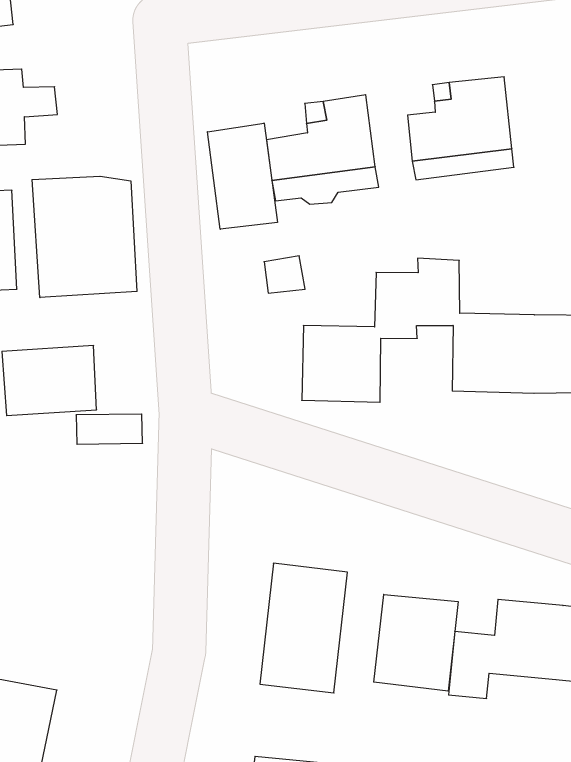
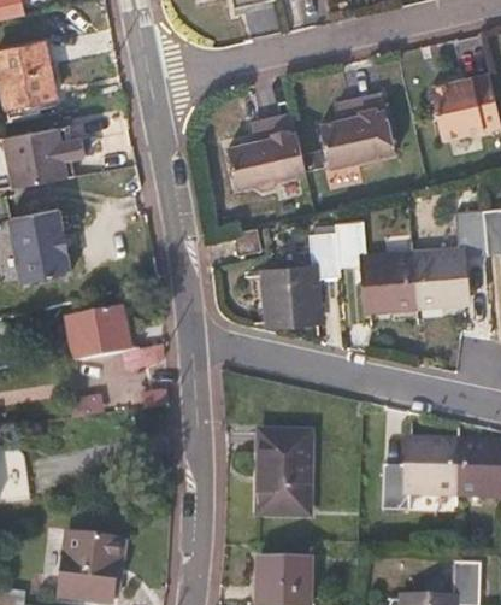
building: [207,123,277,229] -> none
building: [32,176,137,298] -> none
building: [374,594,458,691] -> none

